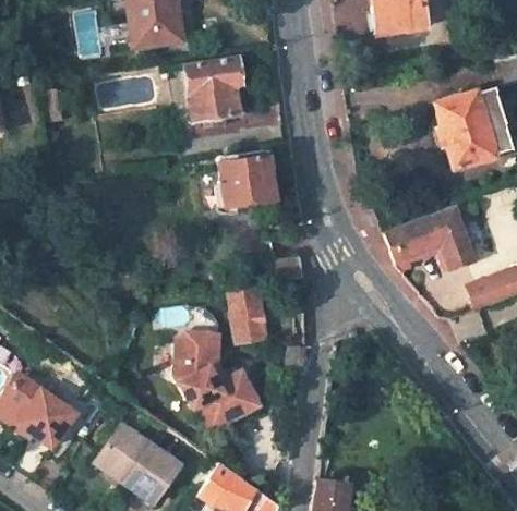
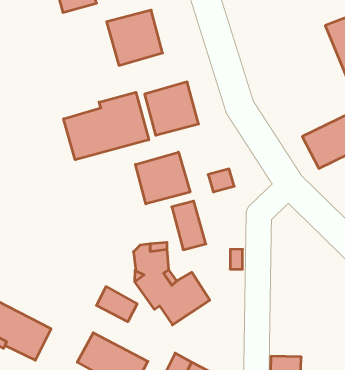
building: none -> [64,92,149,160]
building: none -> [135,152,190,204]
building: none -> [96,287,137,322]

